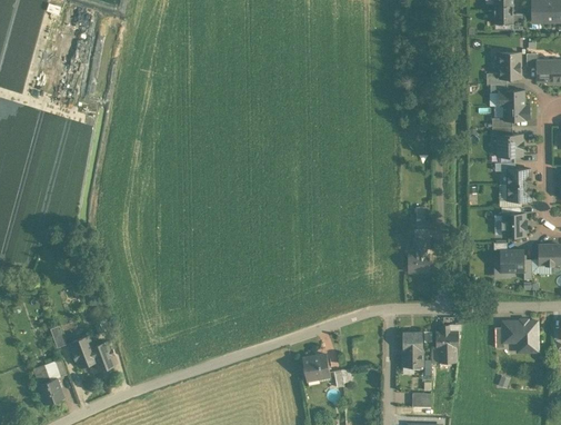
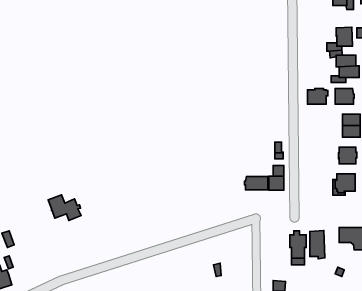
building: none -> [308,89,328,104]
building: none -> [244,176,268,190]
building: [402,332,422,369] -> [310,231,325,259]
building: [70,336,114,370] -> [48,195,81,221]
building: [302,355,330,379] -> none

